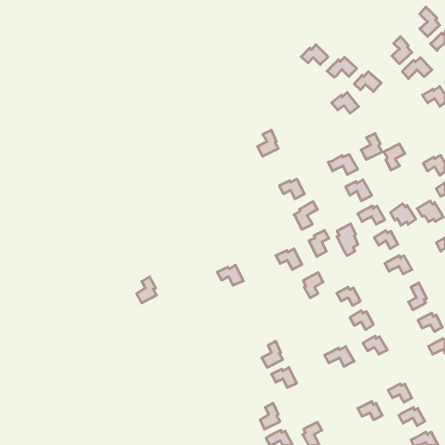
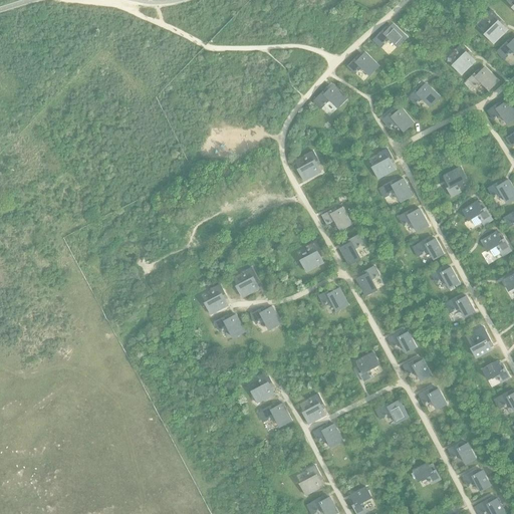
building: [327,57,357,77] -> [371,23,406,46]
building: none -> [312,83,346,107]
building: [361,133,382,160] -> [370,148,395,178]
building: [391,204,416,225] -> [462,200,491,225]
building: none -> [299,241,322,271]
building: [337,224,358,256] -> none
building: none -> [235,267,258,296]
building: none -> [214,313,244,336]
building: [303,272,323,298] -> [355,351,378,380]
building: [137,277,157,303] -> [204,283,227,313]
building: none -> [250,371,273,402]
building: none -> [257,402,290,426]

